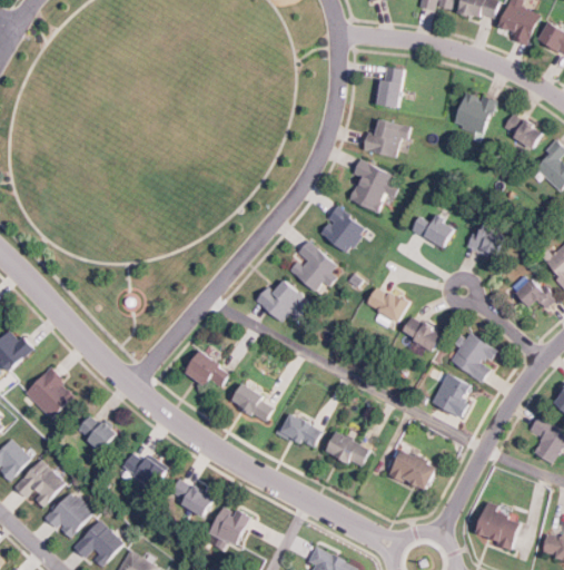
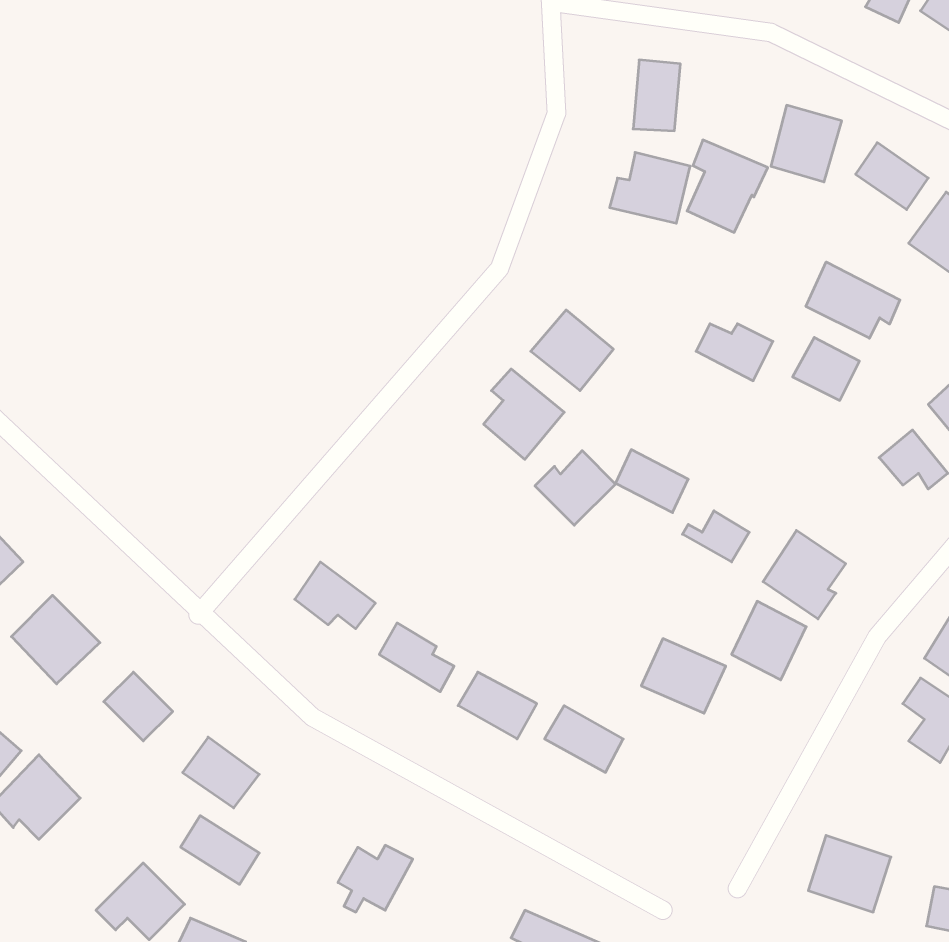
building: [349,159,395,212] -> [687,140,768,232]
building: none -> [806,262,900,338]
building: [256,278,301,321] -> [535,451,616,525]
building: [389,449,437,491] -> [641,639,726,713]
building: [168,476,212,515] -> [181,816,259,884]
building: [44,492,92,539] -> none

